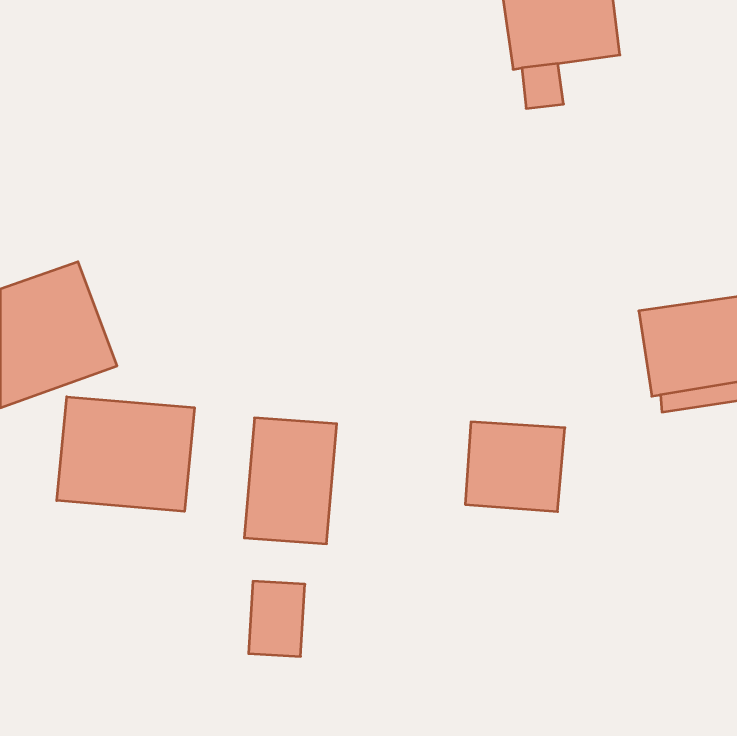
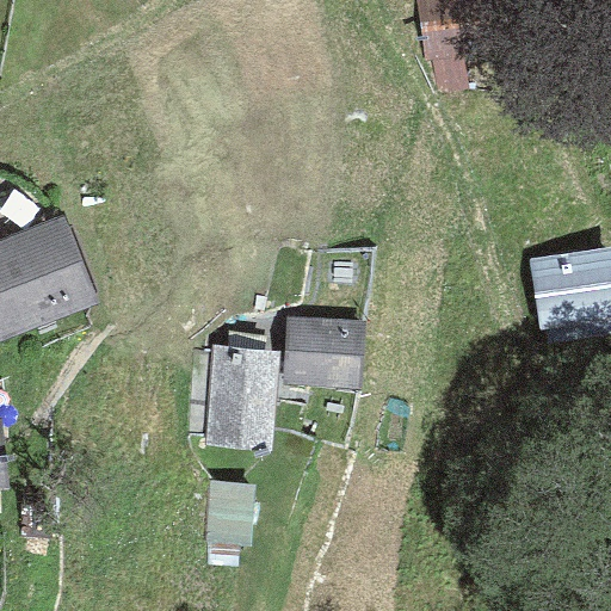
building: [57,397,194,511] -> none
building: [465,422,565,512] -> [283,314,365,388]

